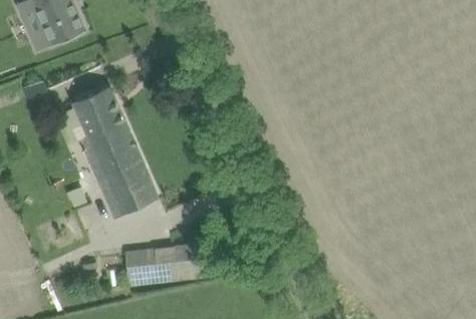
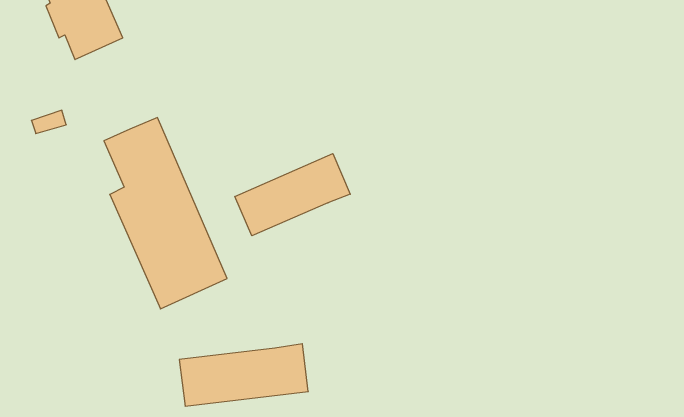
building: none -> [235,154,350,236]

